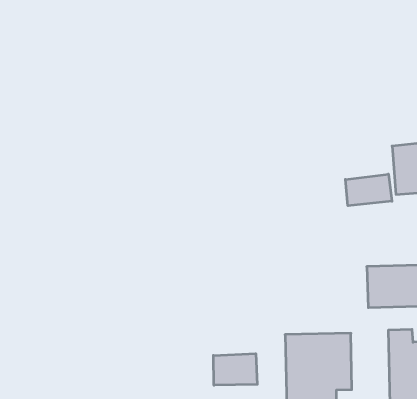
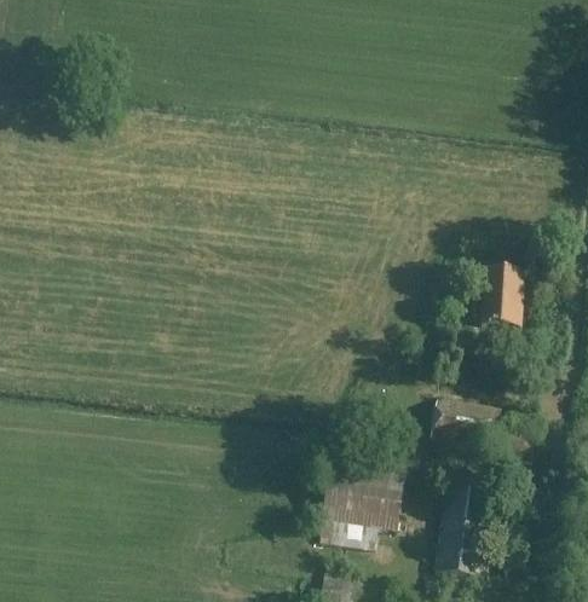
building: [345,174,392,206] -> none
building: [213,354,257,385] -> none

